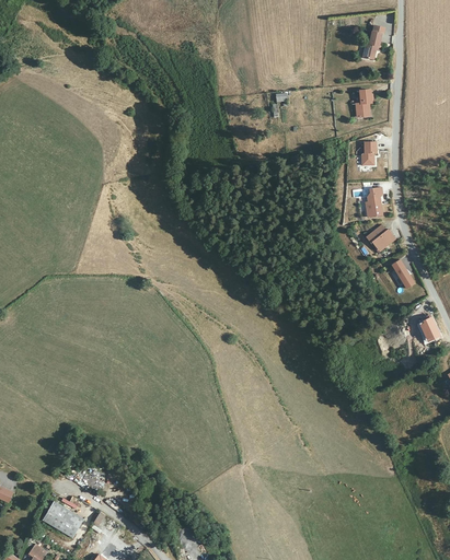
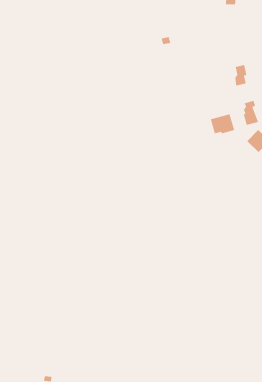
building: [354,90,376,118] -> none
building: none -> [210,114,235,134]

